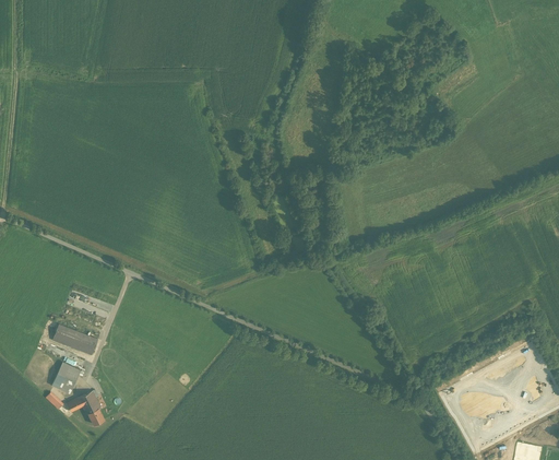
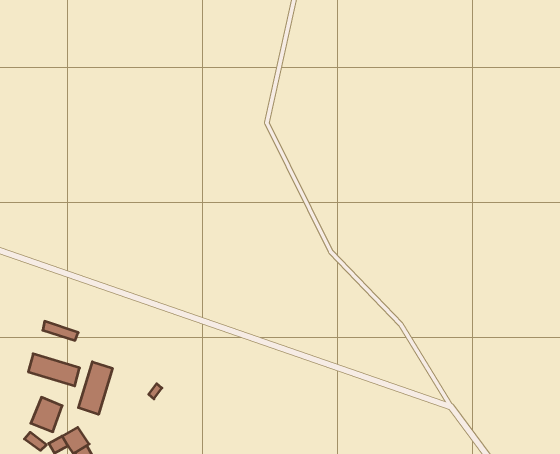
building: none -> [78,362,112,414]

